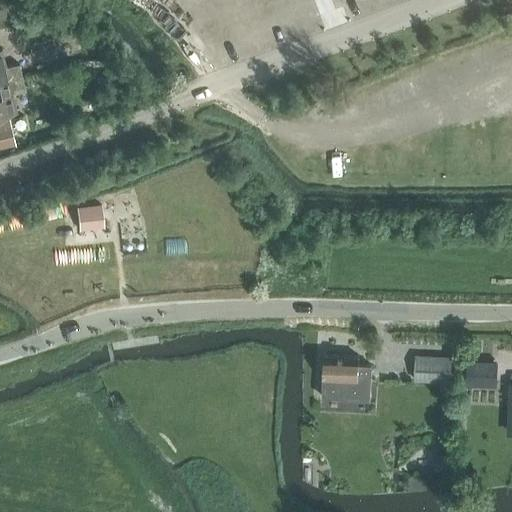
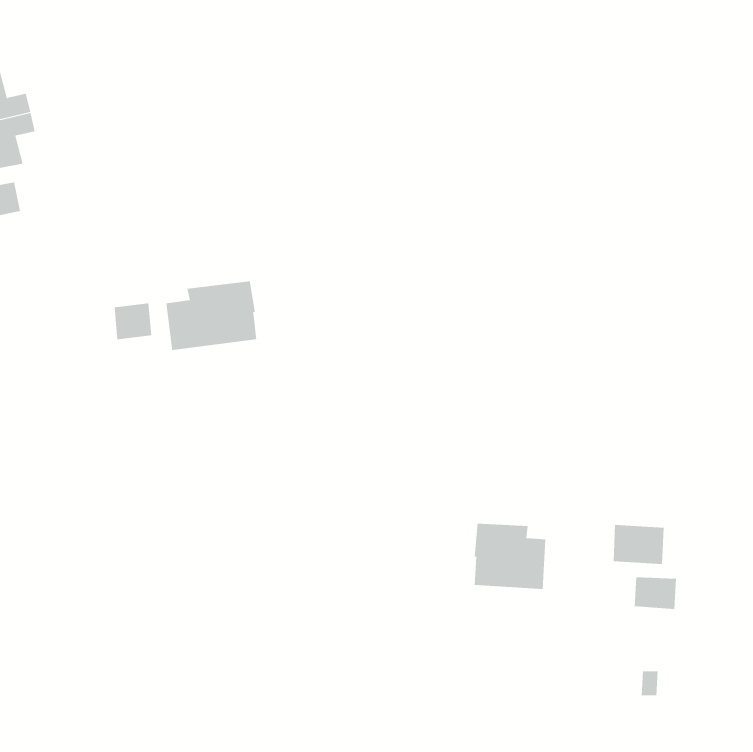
building: none -> [166,280,257,351]
building: [466,364,495,386] -> [634,577,677,609]

